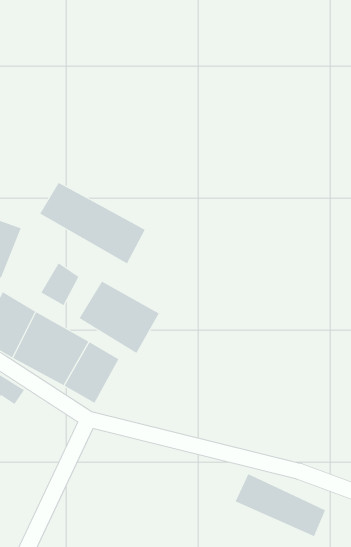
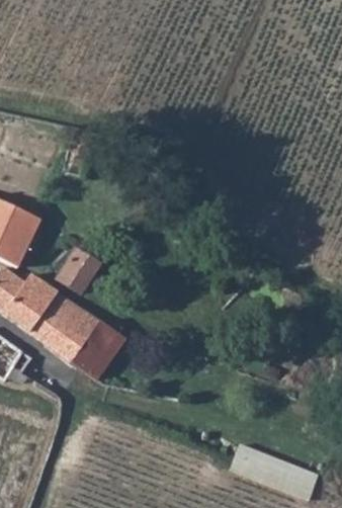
building: [39,182,146,264] -> none
building: [79,281,160,354] -> none

